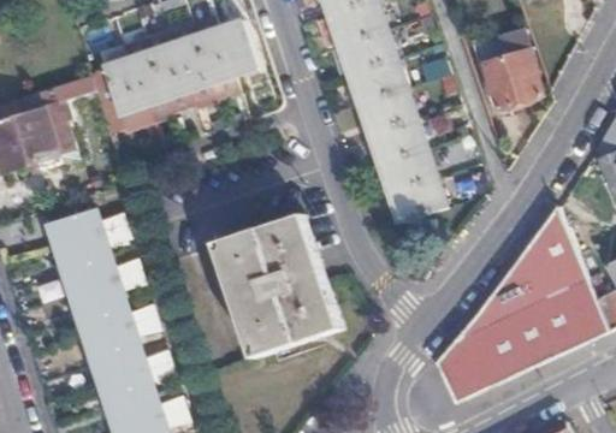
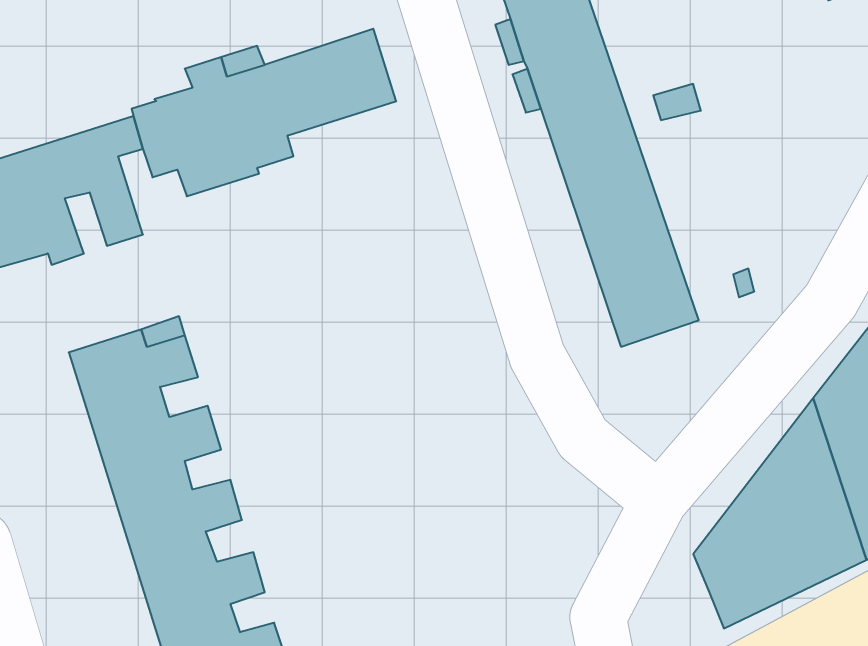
building: [478,30,537,111] -> none
building: [192,213,339,366] -> none

